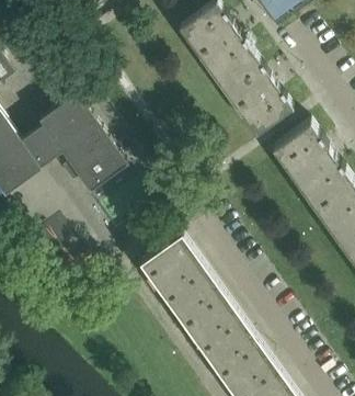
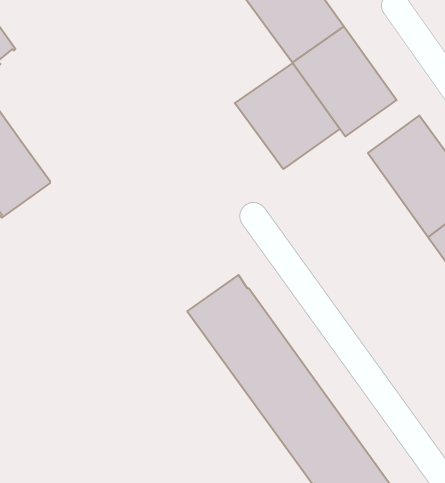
building: none -> [235,63,340,169]
building: [20,93,127,191] -> none

